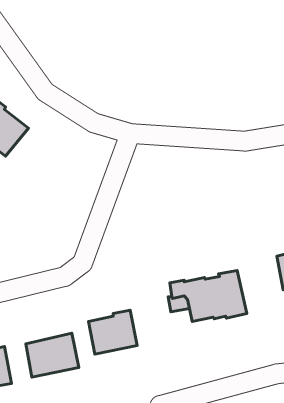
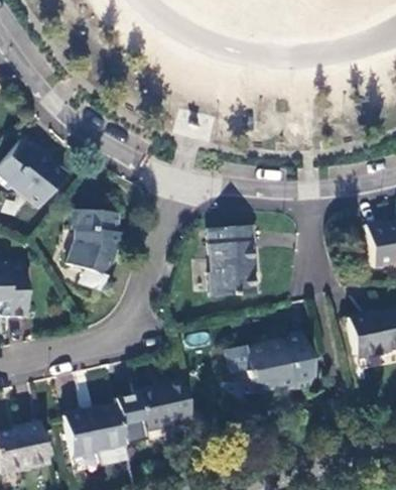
building: none -> [68,209,118,287]
building: none -> [208,227,255,295]

